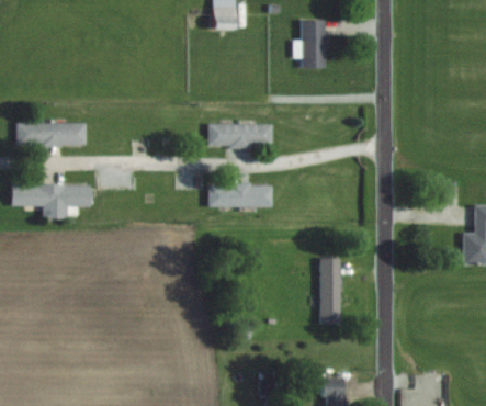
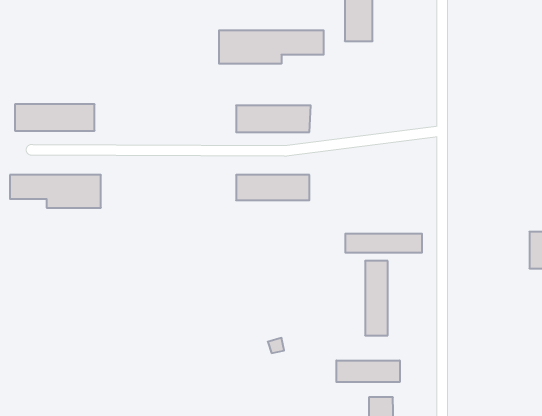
building: none -> [219,30,324,64]
building: none -> [345,234,422,253]
building: none -> [336,360,400,382]

